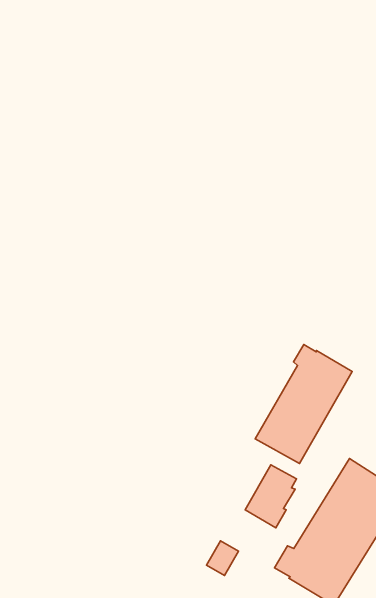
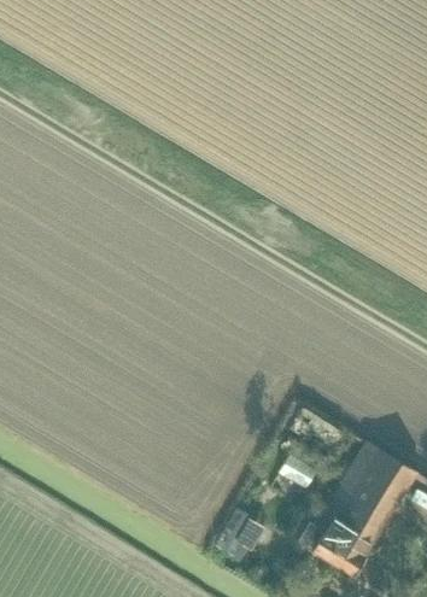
building: [255,344,352,463] -> none

